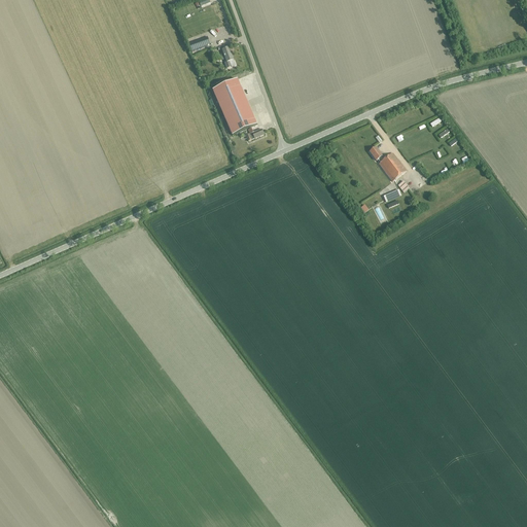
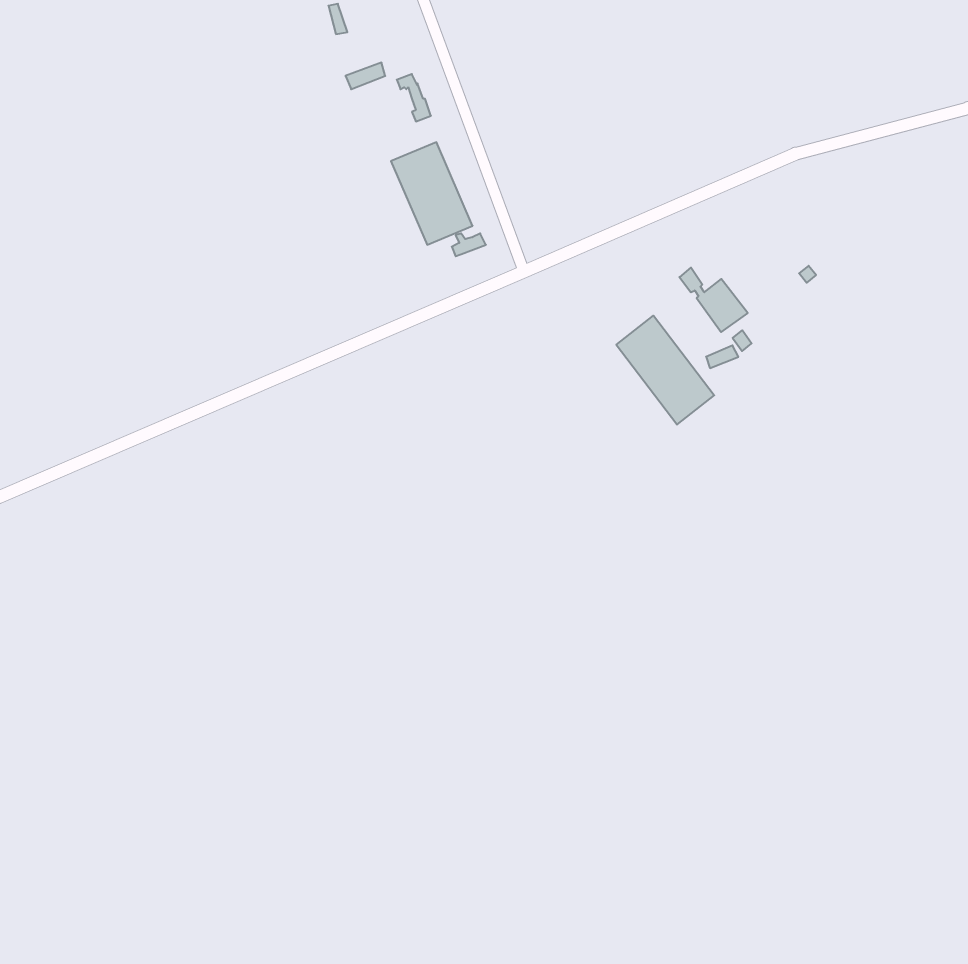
building: none -> [616,316,714,425]

